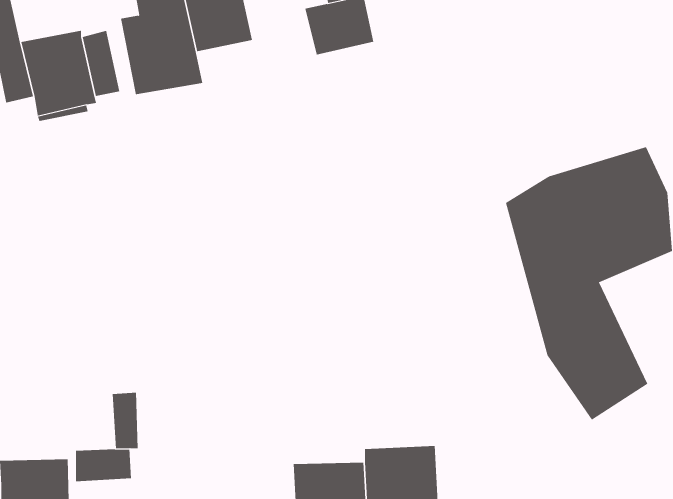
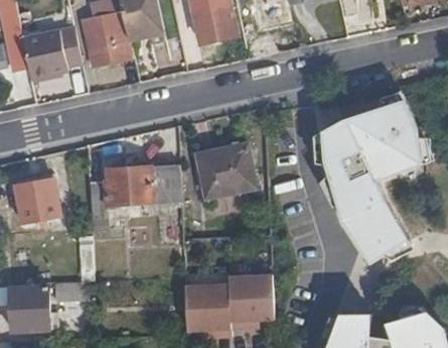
building: none -> [195,153,240,196]
building: none -> [90,167,182,227]
building: none -> [16,179,61,223]

